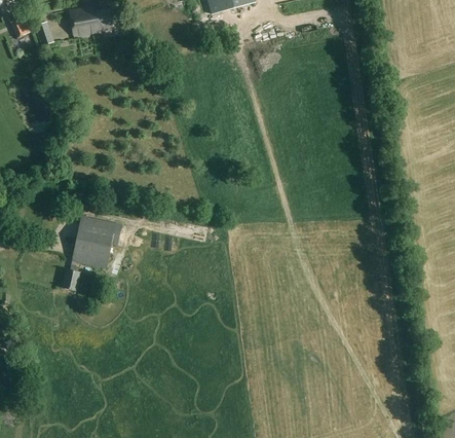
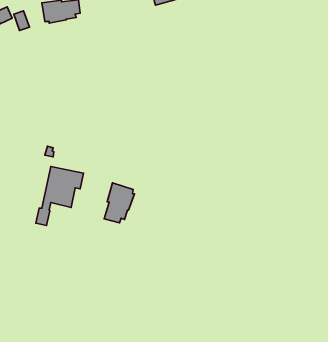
building: none -> [104,183,134,223]

